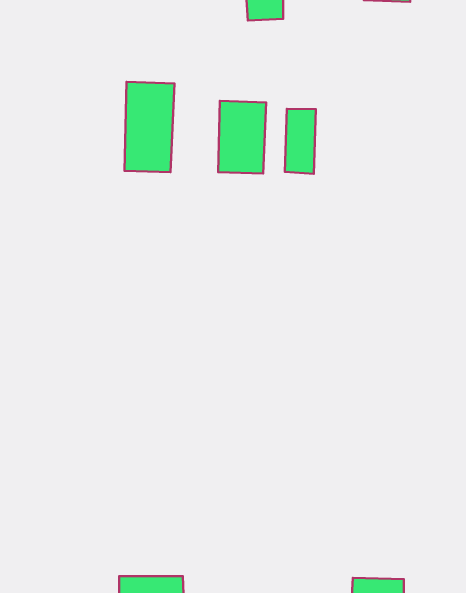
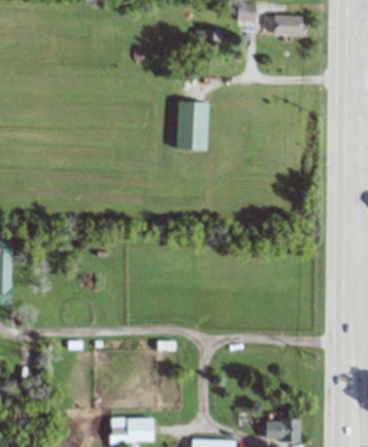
building: [124,82,174,172] -> none
building: [285,109,316,174] -> none

